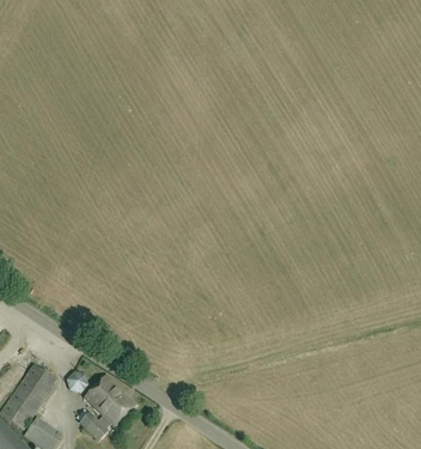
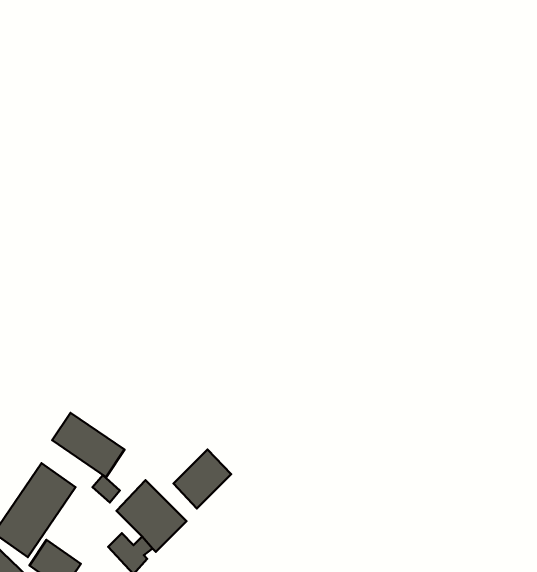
building: none -> [52,413,125,477]
building: none -> [173,450,231,508]

